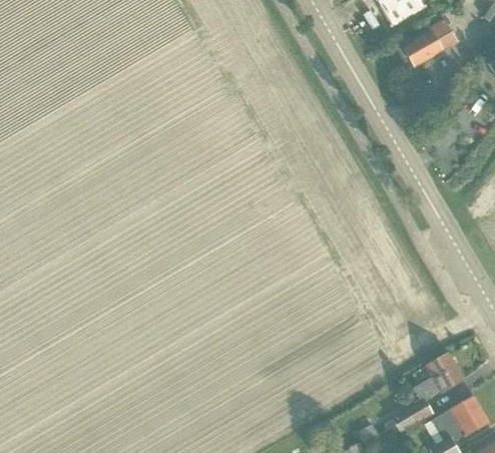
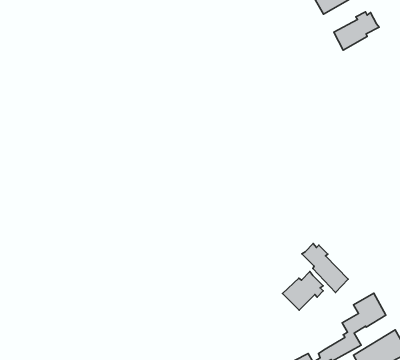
building: none -> [302,244,348,292]
building: none -> [283,271,323,310]

